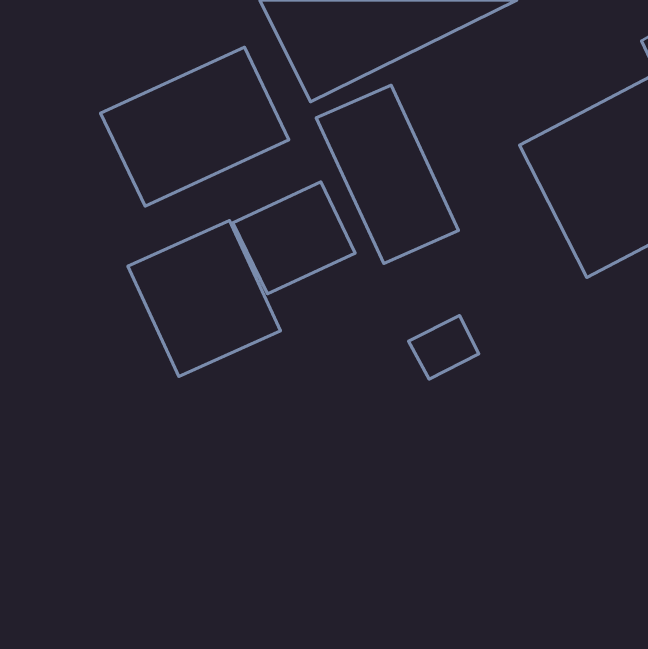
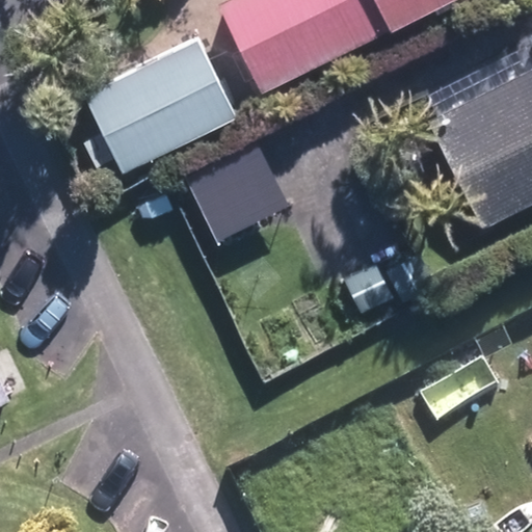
building: [316,85,459,263] -> none
building: [128,221,280,377] -> none

